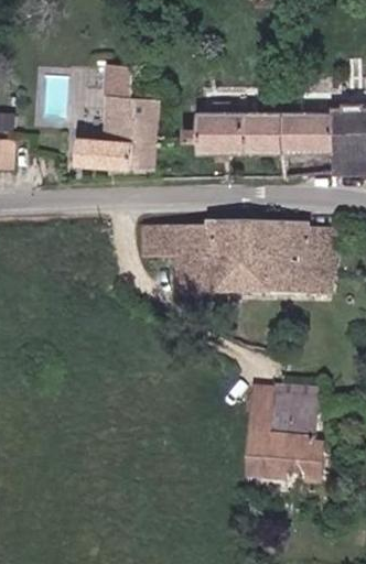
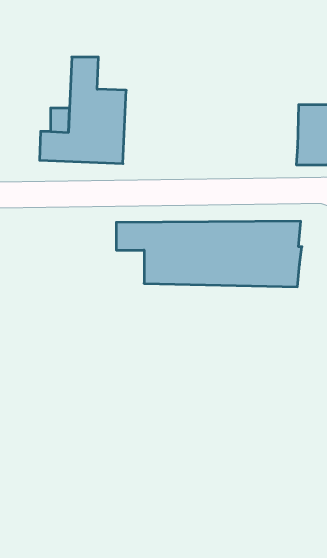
building: [183,110,332,153] -> none
building: [259,390,316,478] -> none

